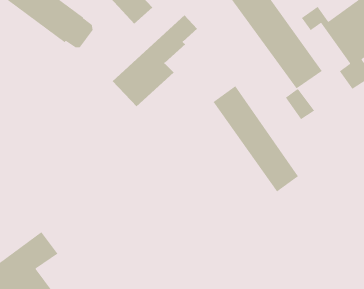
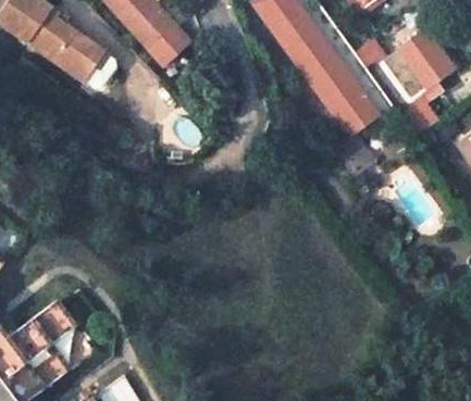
building: [112,15,198,107] -> none
building: [213,85,299,193] -> none

